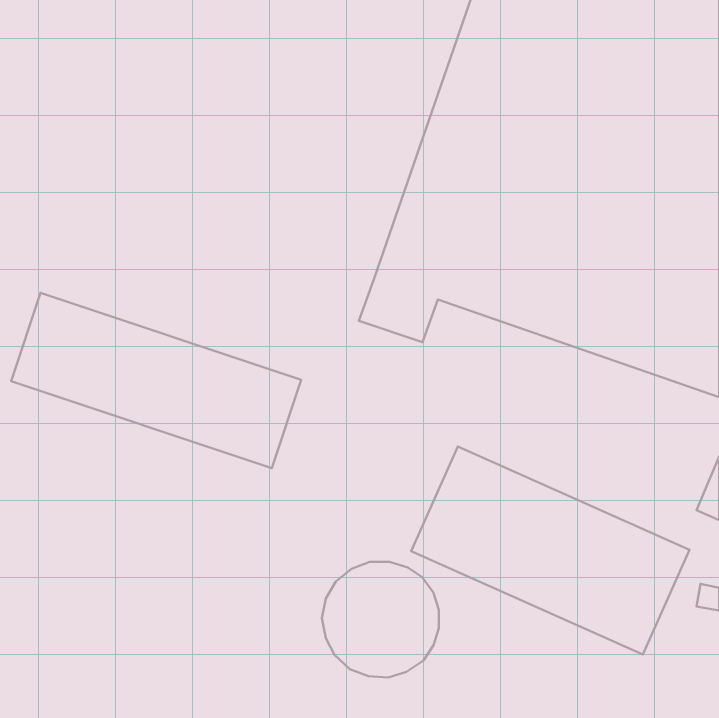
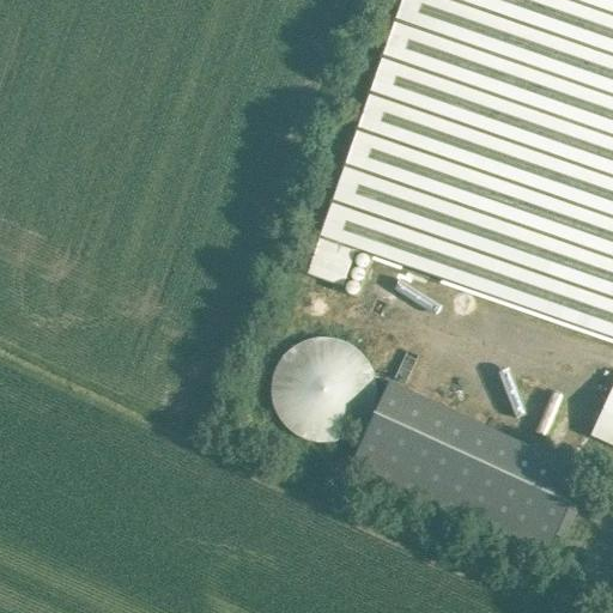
building: [11,293,301,468] -> none
building: [322,562,439,678] -> [272,340,371,438]

